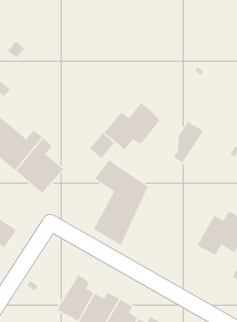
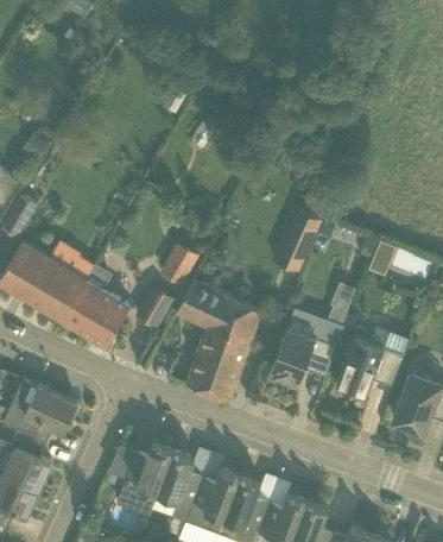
building: [103,102,160,150] -> none
building: none -> [135,286,171,326]
building: none -> [268,305,348,383]
building: none -> [116,442,175,513]

